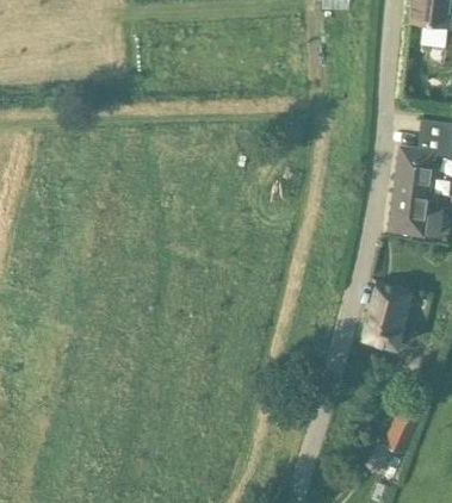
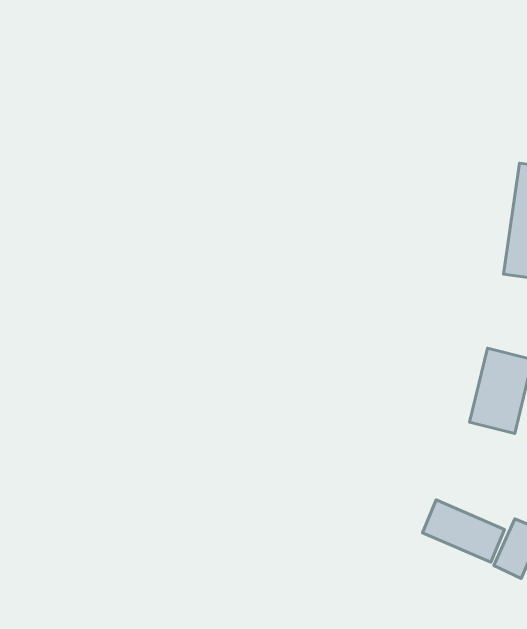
building: none -> [423,500,504,562]

